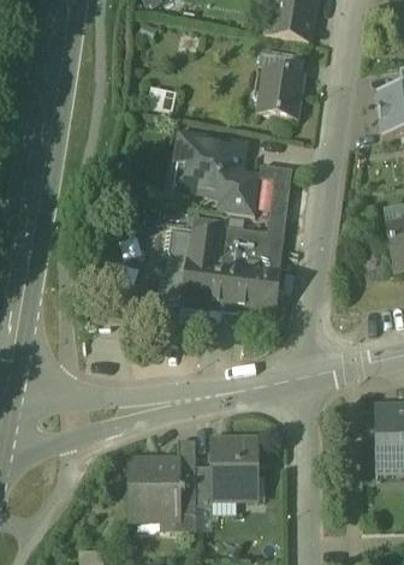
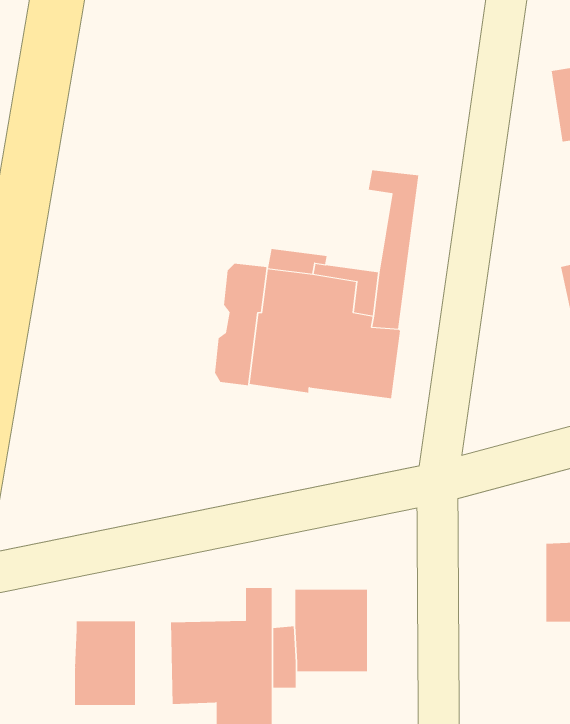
building: [260,65,302,114] -> none
building: [177,133,259,213] -> none
building: none -> [75,620,136,706]

